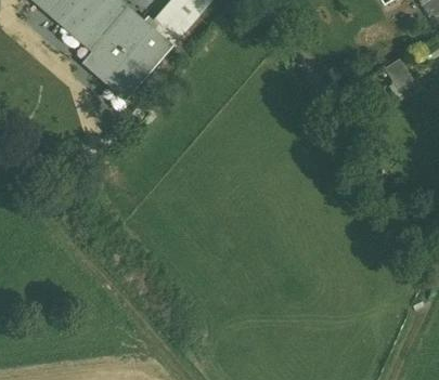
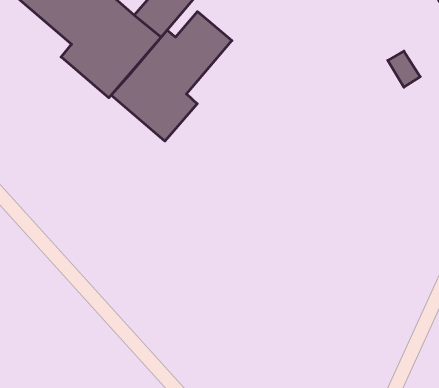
building: none -> [111,12,232,141]

